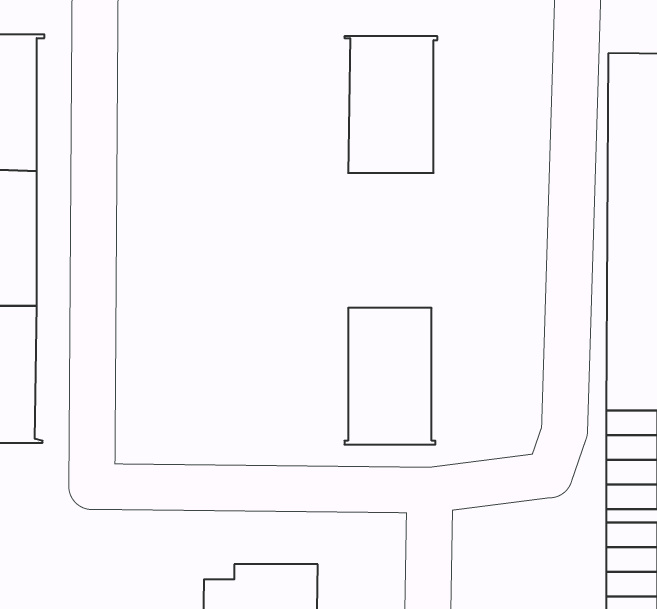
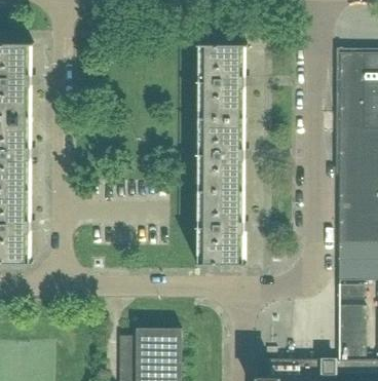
building: none -> [198,115,244,188]

